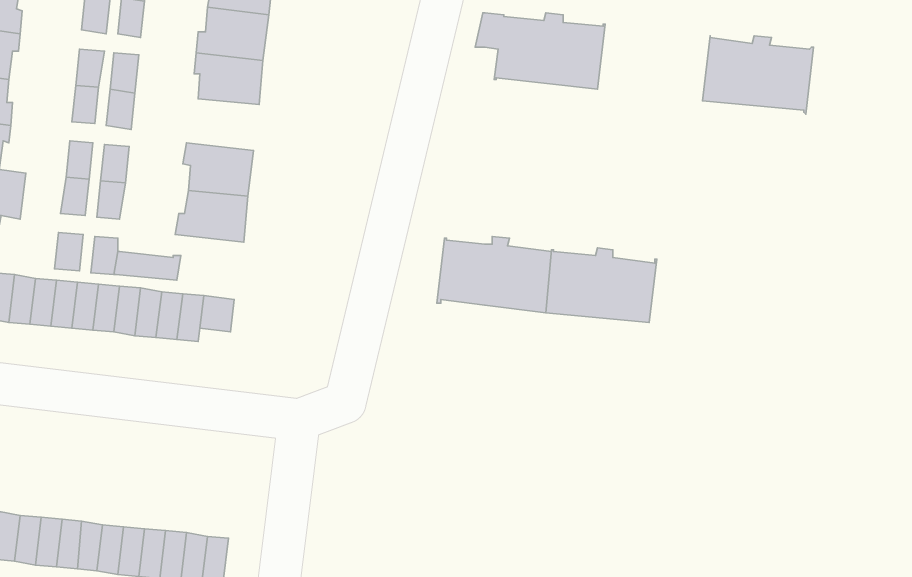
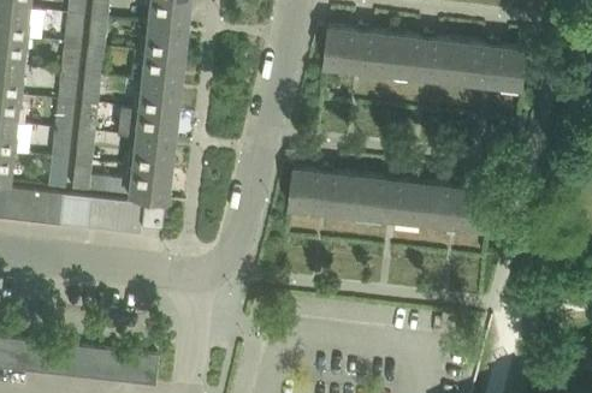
building: none -> [391,40,462,88]
building: none -> [132,87,178,119]
building: none -> [124,172,168,206]
building: none -> [424,187,493,237]

